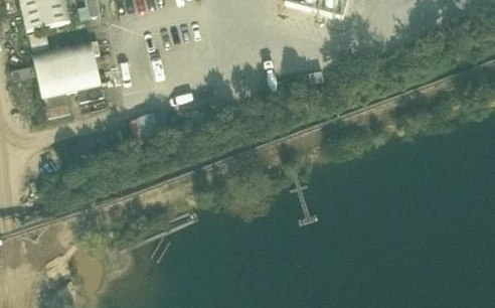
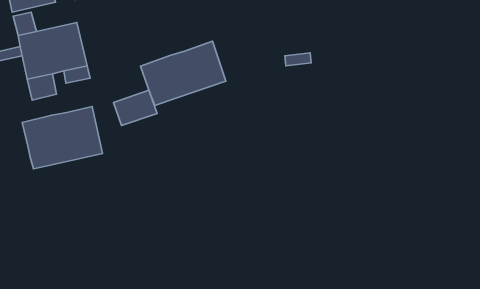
building: none -> [141,41,226,106]
building: none -> [22,106,102,169]

